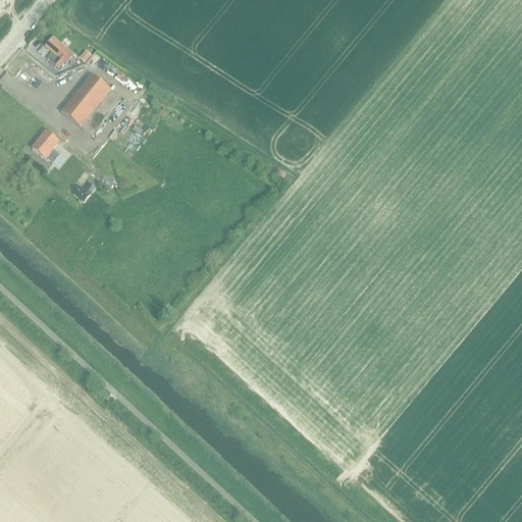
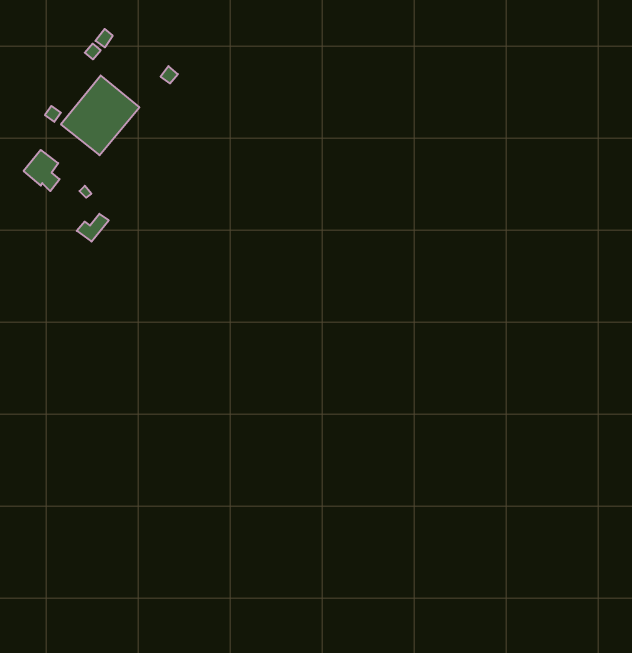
building: [44,34,72,65] -> none

